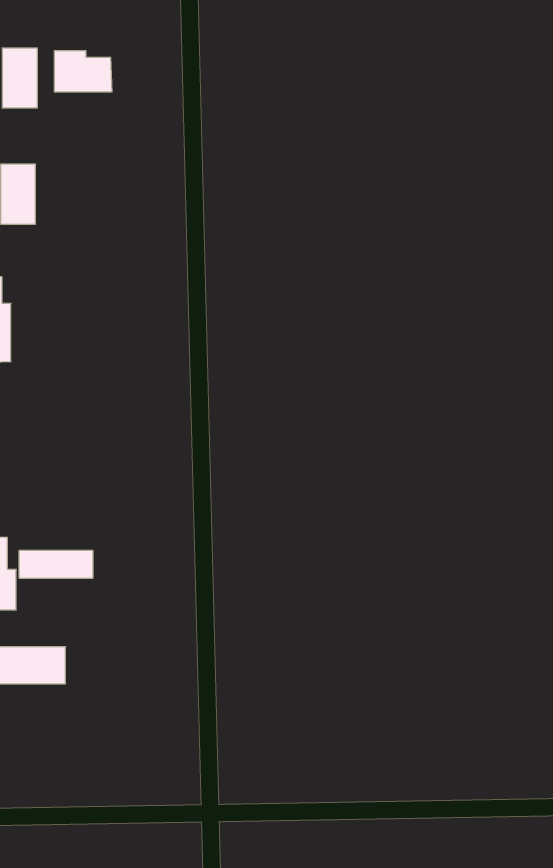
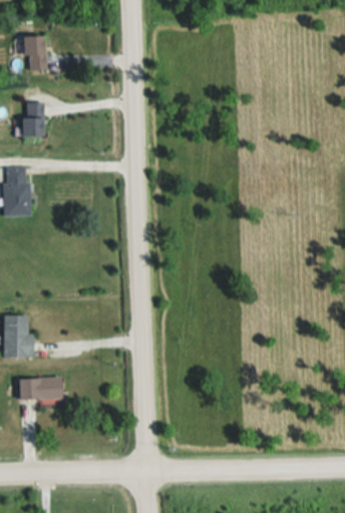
building: [54,51,112,92] -> none
building: [19,550,93,578] -> none

